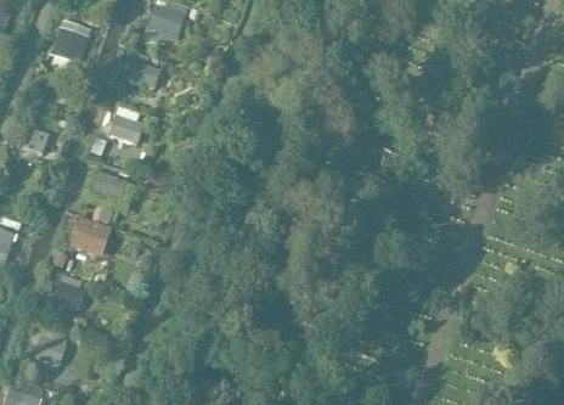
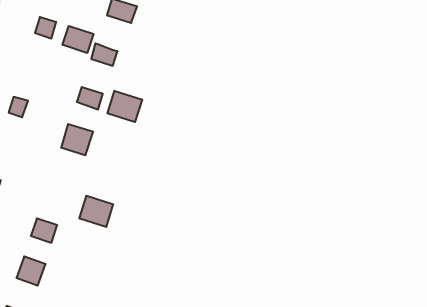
building: none -> [63,26,93,53]
building: none -> [107,91,142,122]
building: [68,216,111,255] -> [79,196,113,227]

